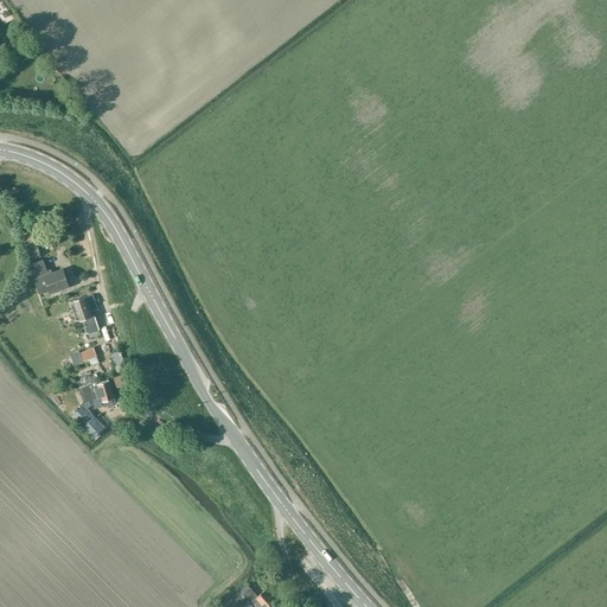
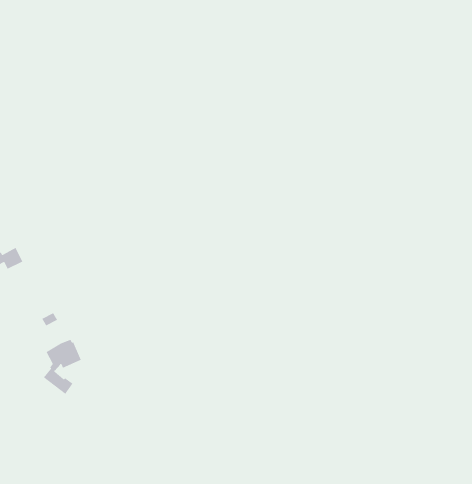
building: [72,296,101,340] -> none

